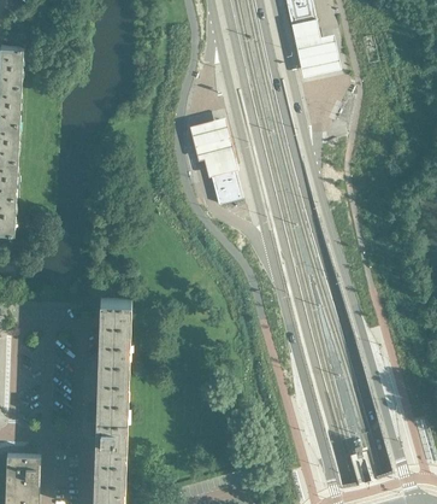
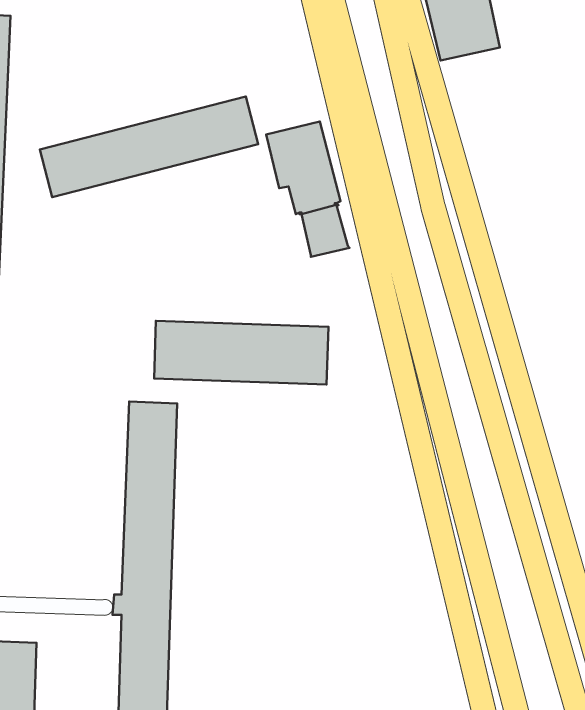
building: none -> [40,97,258,197]
building: none -> [154,321,328,384]

